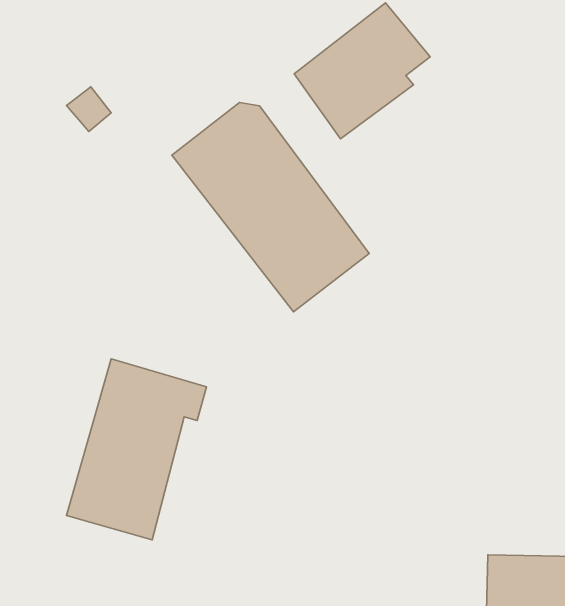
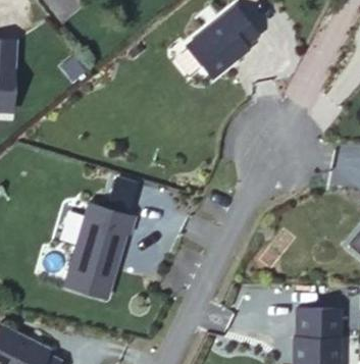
building: [172,103,369,312] -> none

